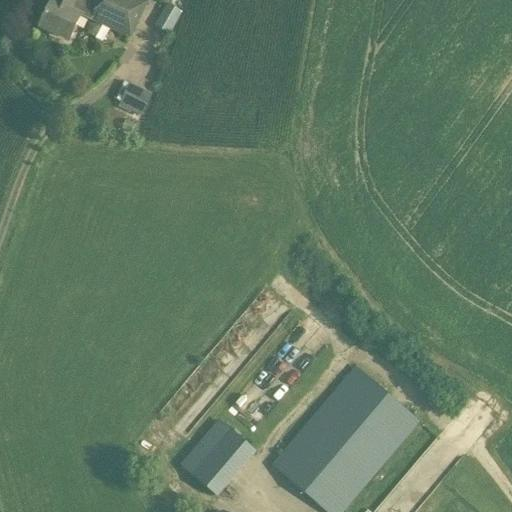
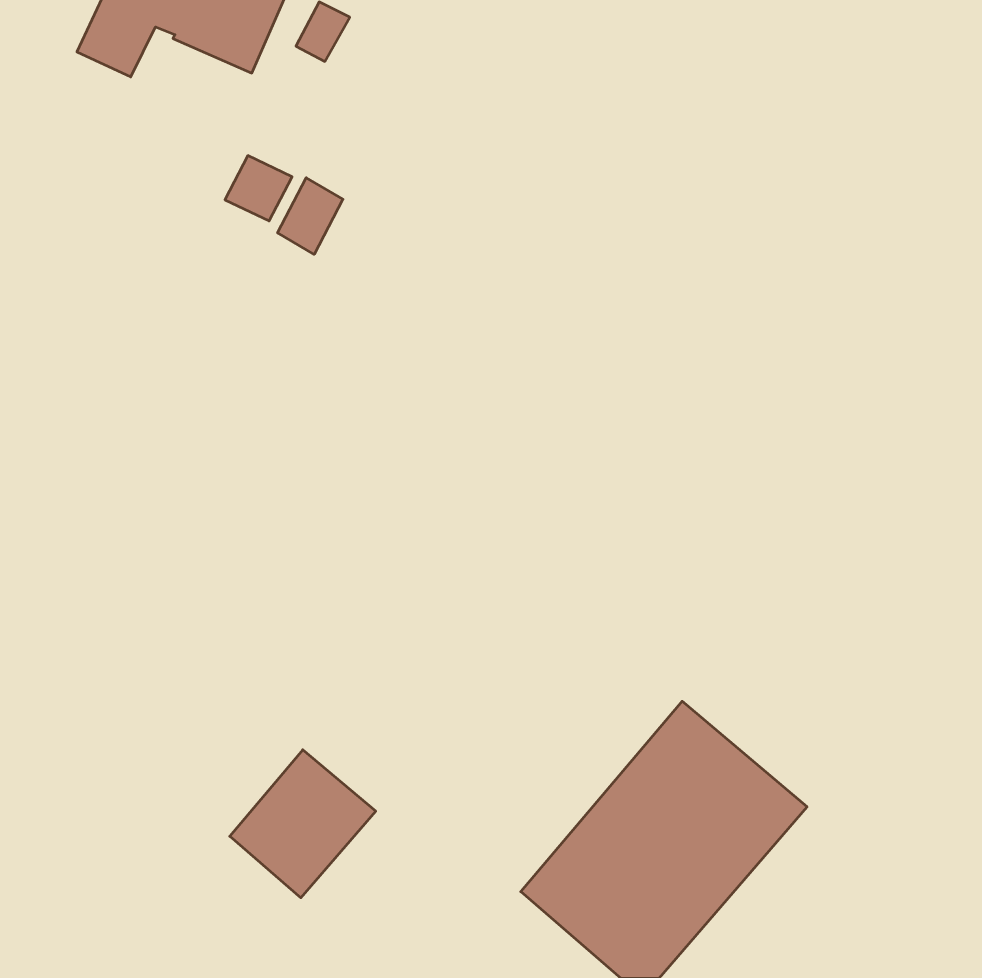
building: none -> [278,178,343,254]
building: [180,419,256,496] -> [230,750,376,898]

